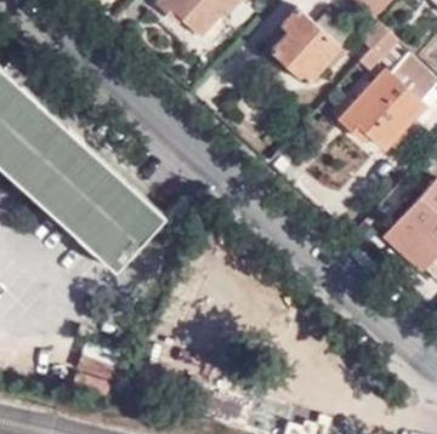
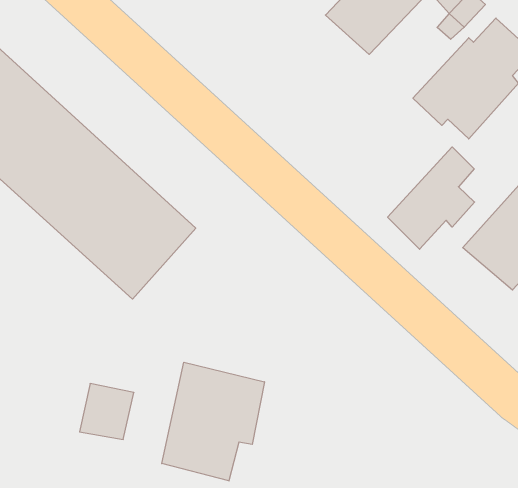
building: none -> [388,147,475,249]
building: none -> [162,362,264,481]

